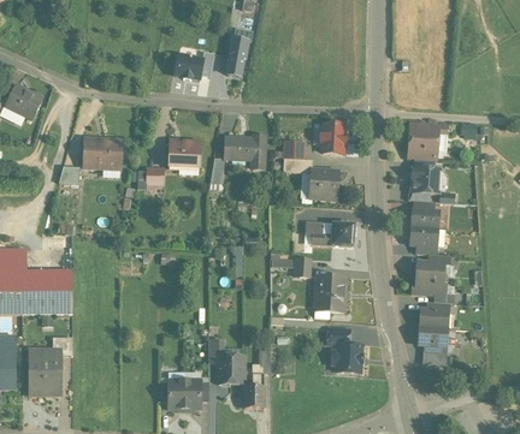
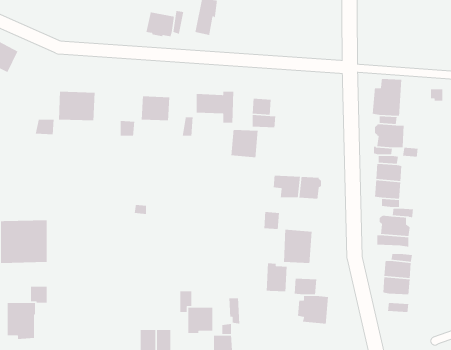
building: [320,124,345,154] -> none
building: [309,170,338,200] -> [231,129,259,158]
building: none -> [266,263,288,292]

